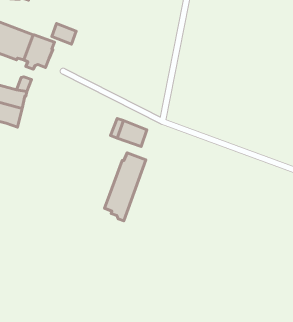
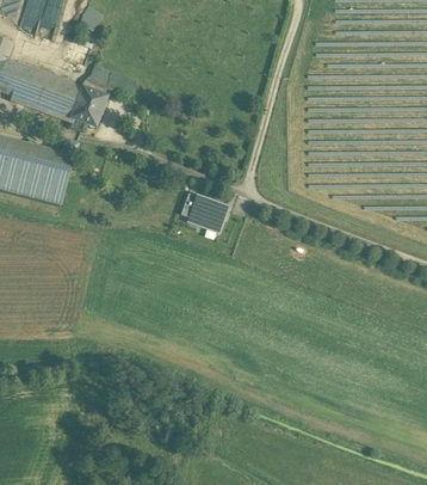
building: [104,153,146,221] -> none

